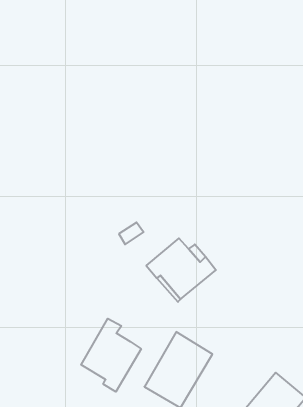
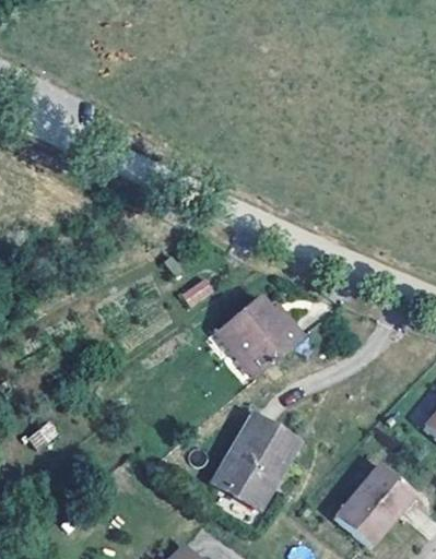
building: [81,319,141,392] -> none

